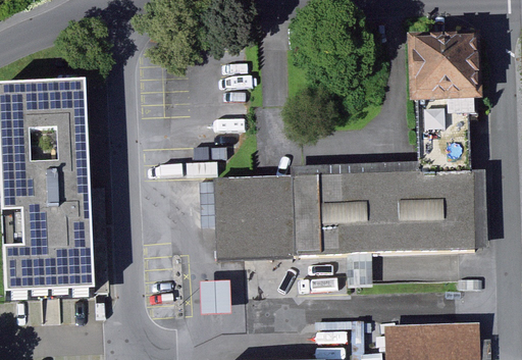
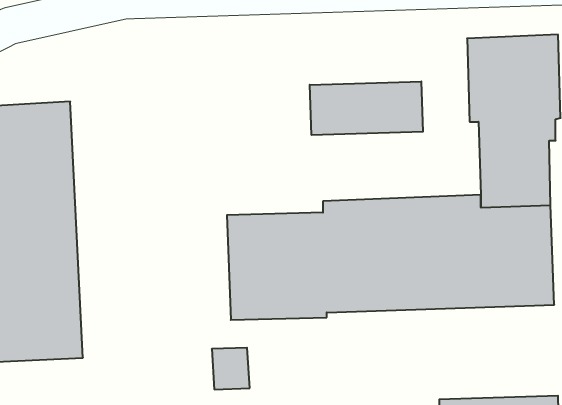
building: none -> [310,81,423,135]

